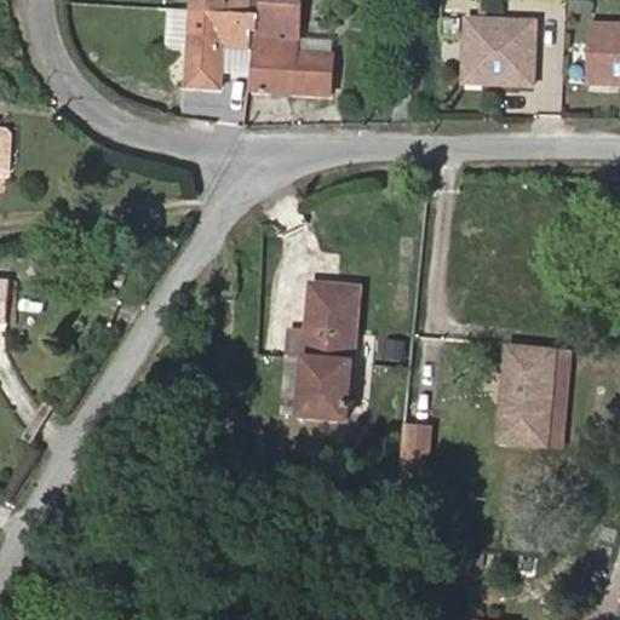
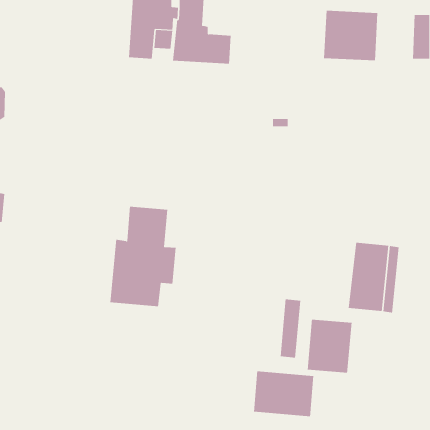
building: [276,276,372,420] -> [110,206,177,307]
building: none -> [307,319,352,374]
building: none -> [254,370,314,417]

